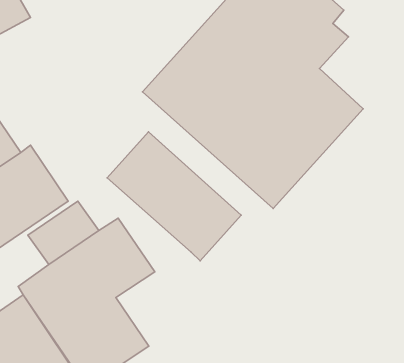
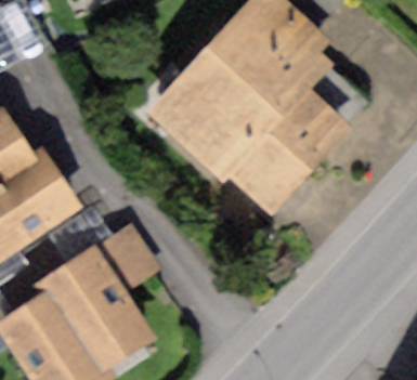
building: [107,132,241,261] -> none

